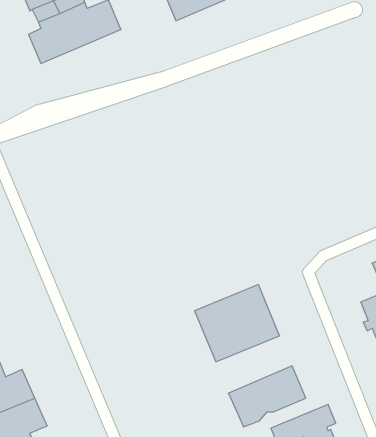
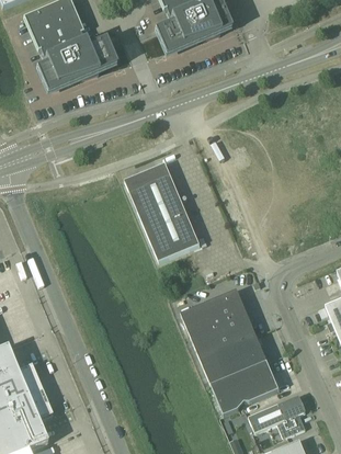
building: none -> [124,162,200,261]
building: none -> [200,334,266,385]

